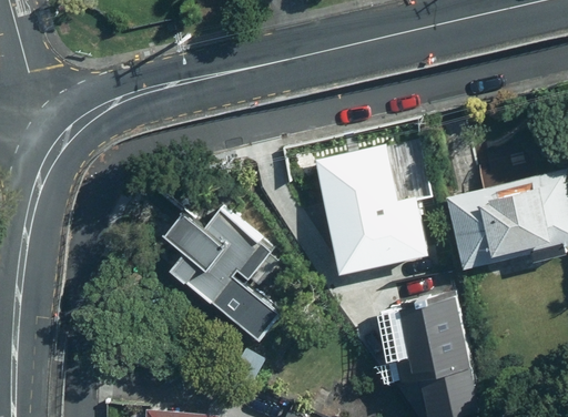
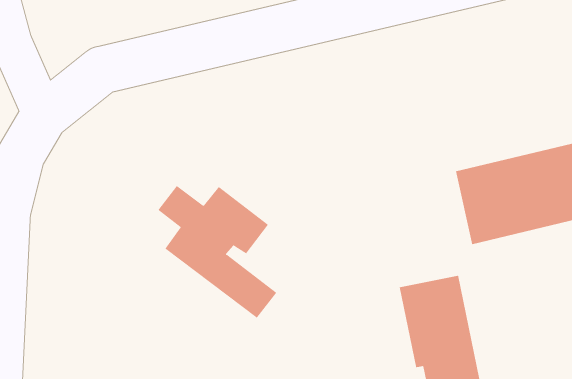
building: [314,141,427,272] -> none

